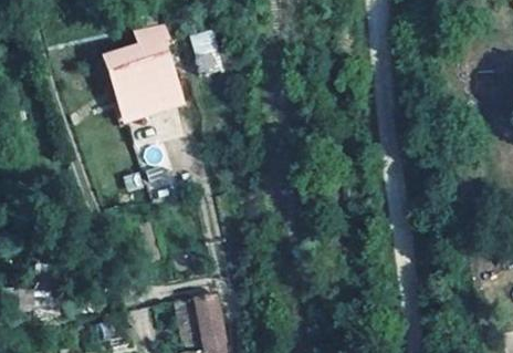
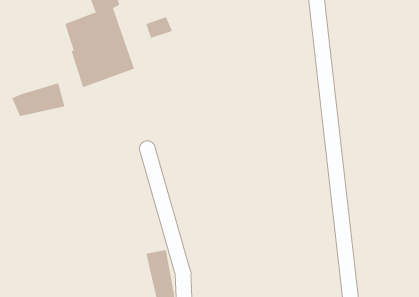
building: none -> [12,83,65,117]

